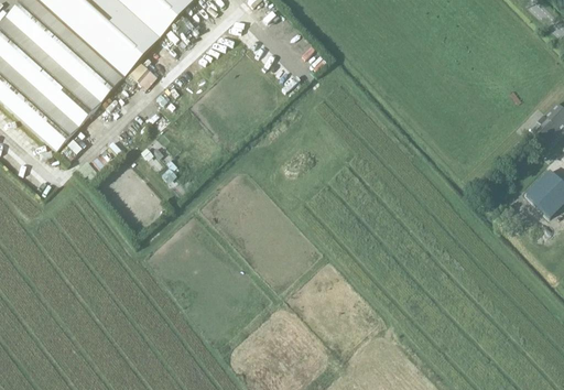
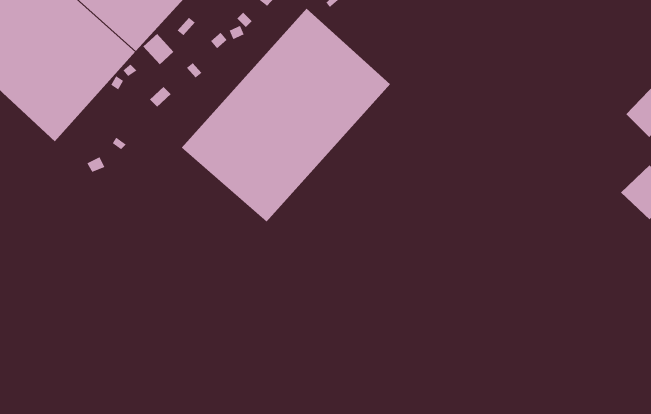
building: none -> [181,8,391,223]

